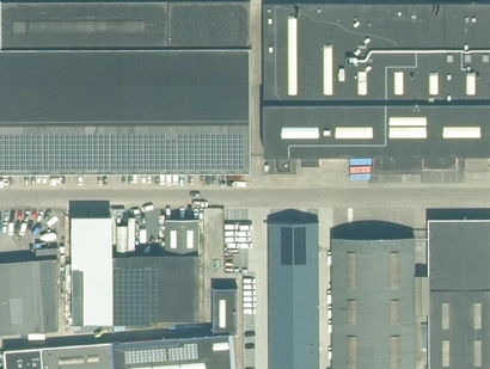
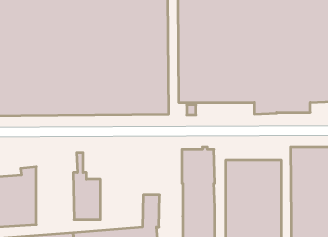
building: [71,217,112,325] -> none
building: [151,221,197,321] -> none

